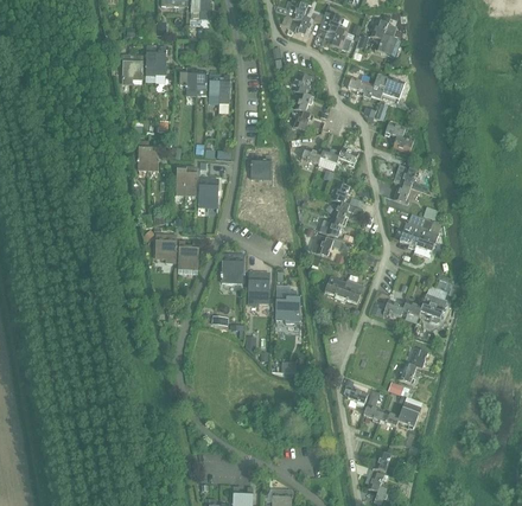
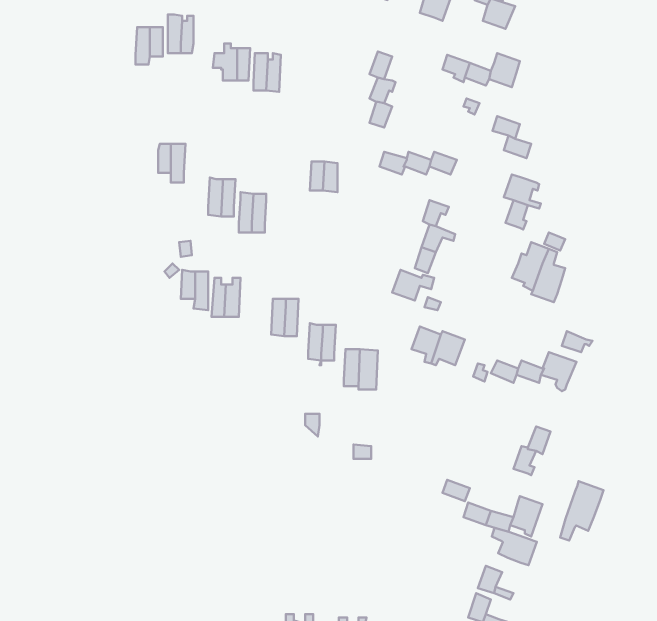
building: none -> [560,481,604,540]
building: none -> [492,528,537,565]

